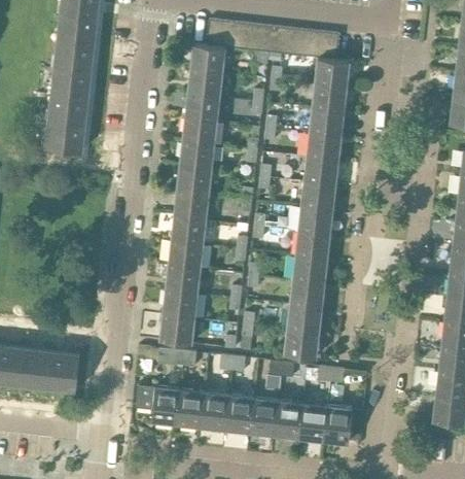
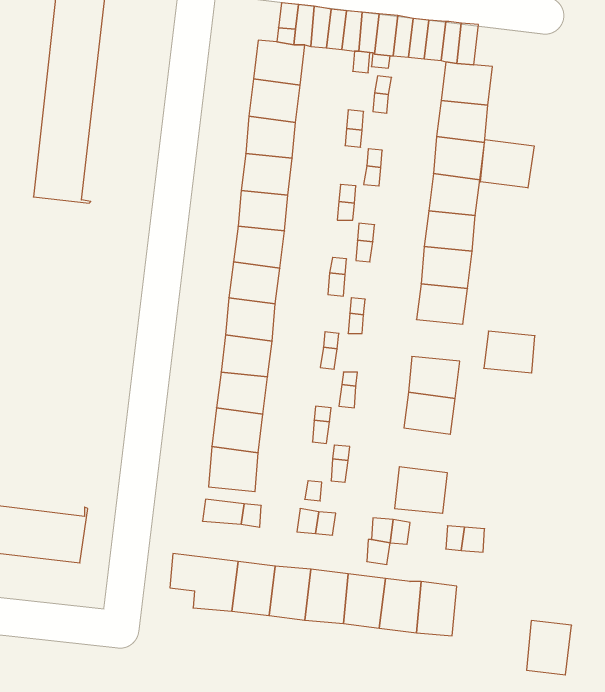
building: none -> [480,140,534,188]
building: [295,230,329,258] -> [484,331,535,373]
building: [287,302,321,332] -> none
building: [322,407,352,443] -> [527,621,572,675]

